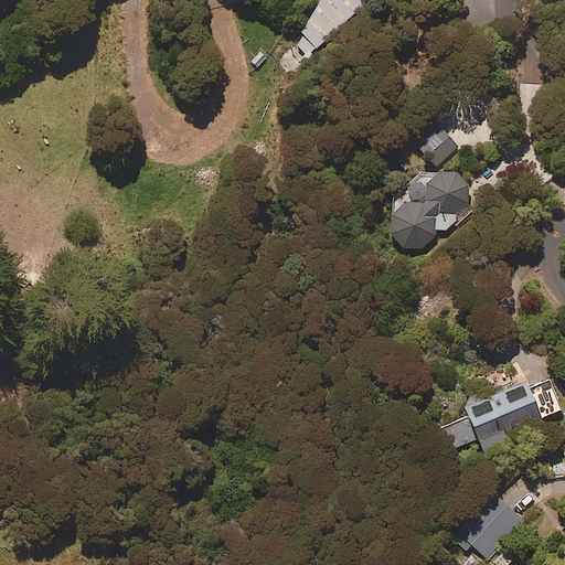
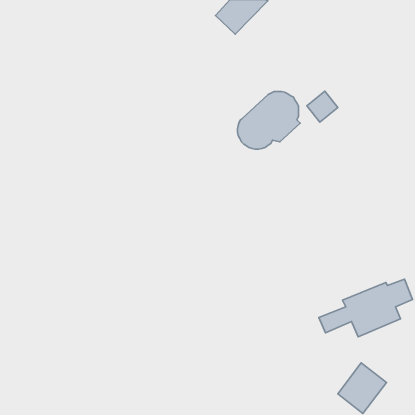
building: [385,168,470,246] -> [237,91,300,149]

